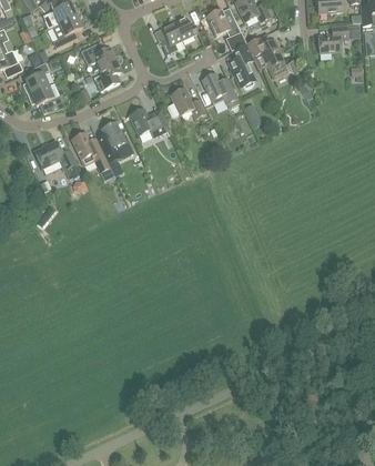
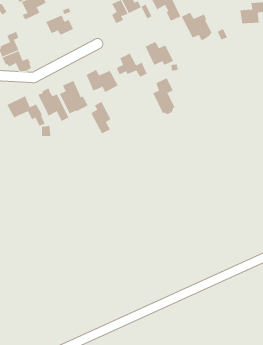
building: [227,43,255,89] -> [153,78,175,115]
building: [92,59,121,91] -> none
building: none -> [90,101,111,134]

